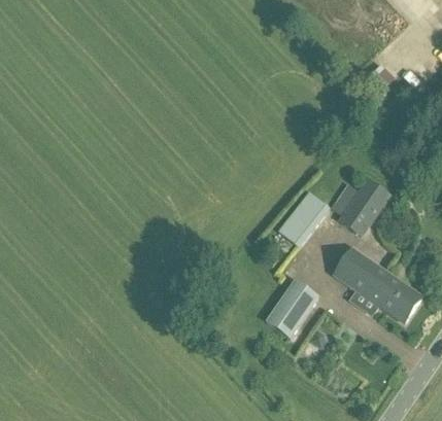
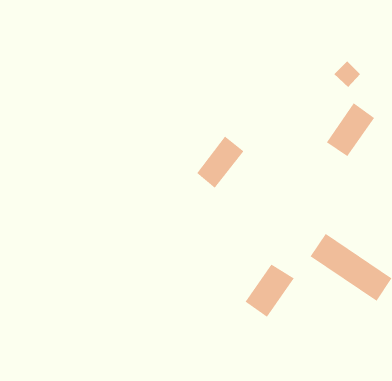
building: [338,178,389,236] -> [326,102,375,157]
building: [278,191,329,247] -> [196,136,245,189]

